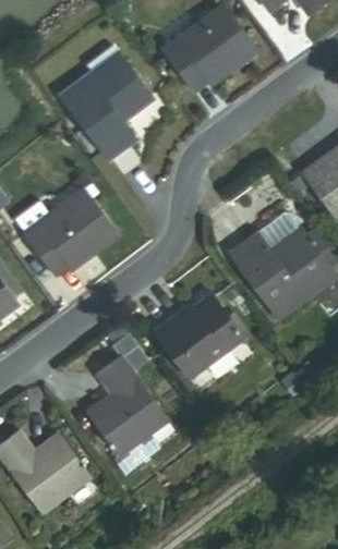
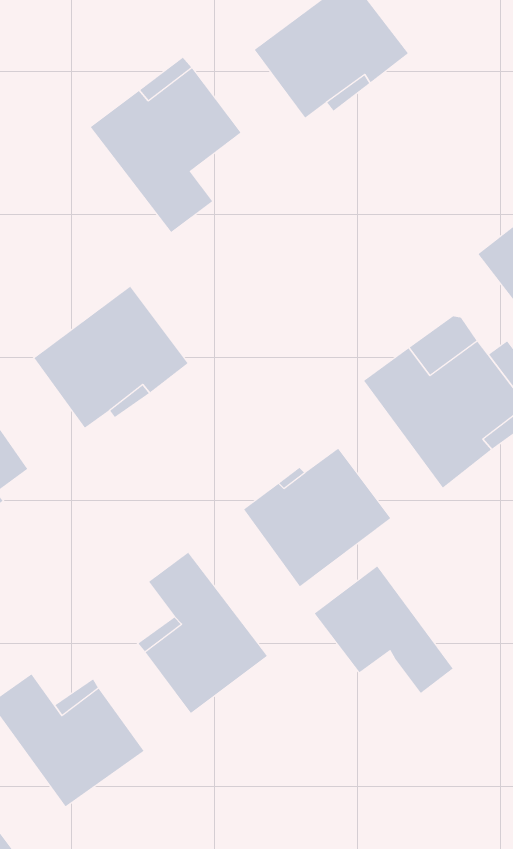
building: none -> [314,566,454,694]

